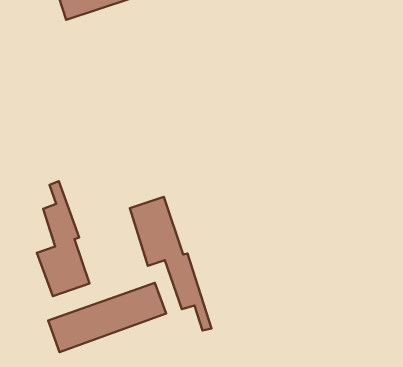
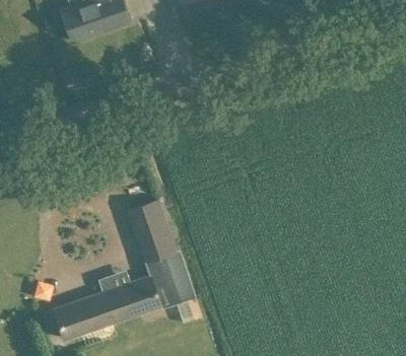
building: [37,181,90,296] -> none

